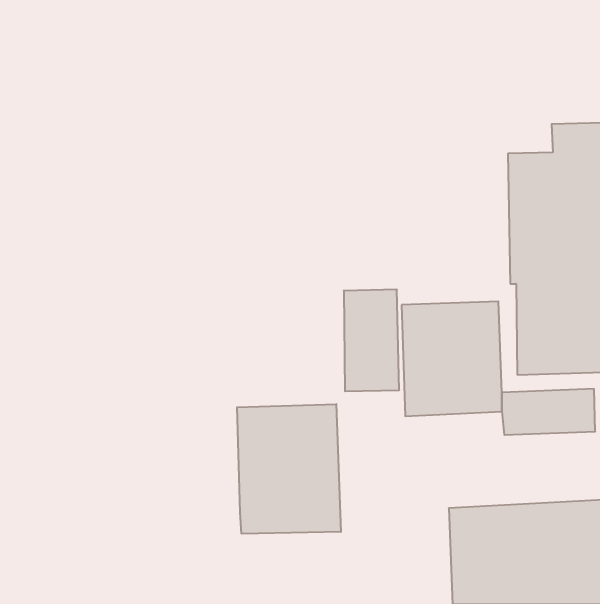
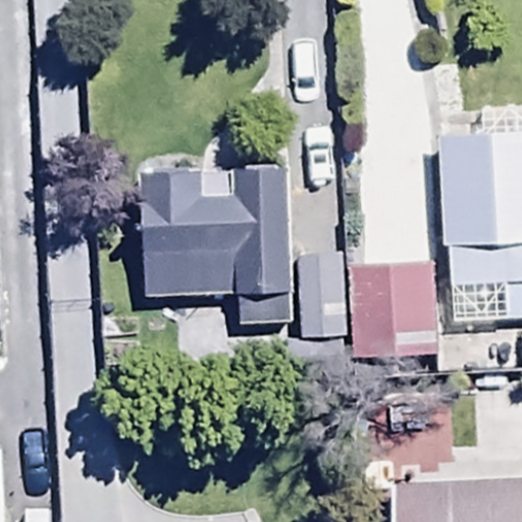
building: none -> [140,168,293,327]
building: [237,404,341,534] -> none

